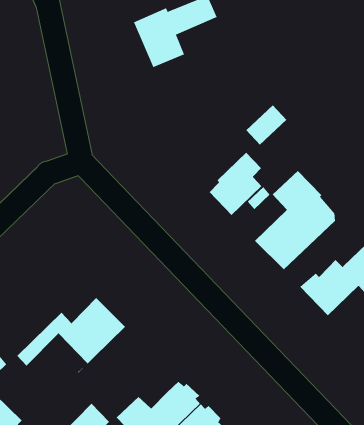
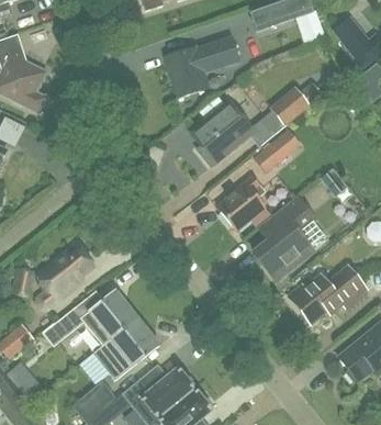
building: none -> [271,86,322,126]
building: none -> [191,102,254,161]
building: none -> [36,248,93,309]
building: none -> [92,316,159,380]

